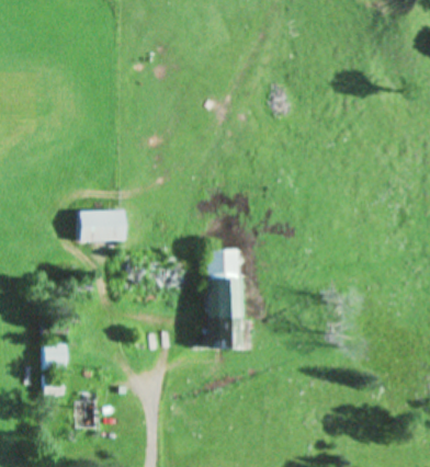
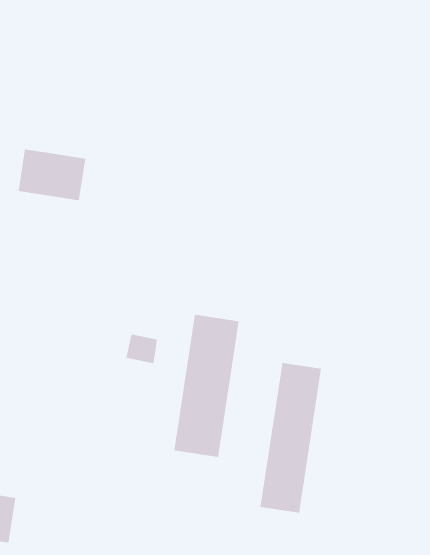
building: [81,209,126,240] -> [18,149,86,201]
building: none -> [260,362,322,514]

